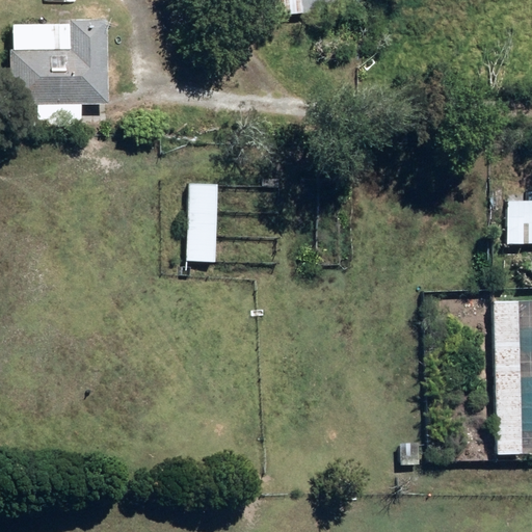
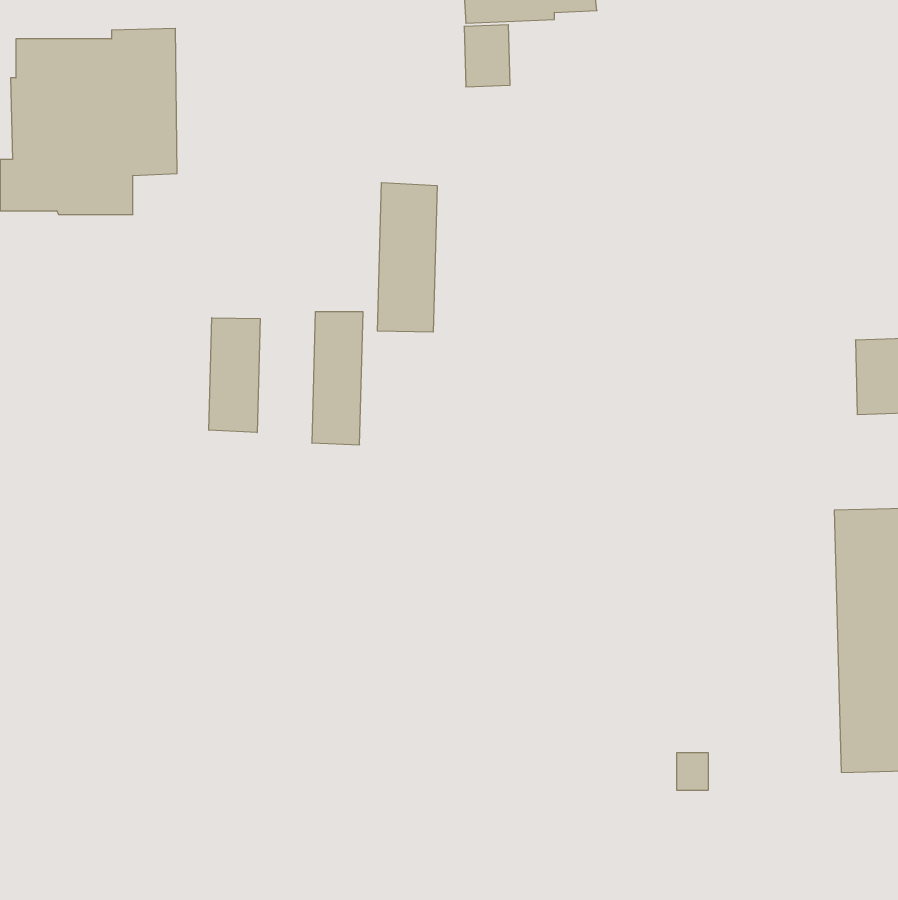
building: none -> [377,183,437,332]
building: none -> [209,318,260,433]

